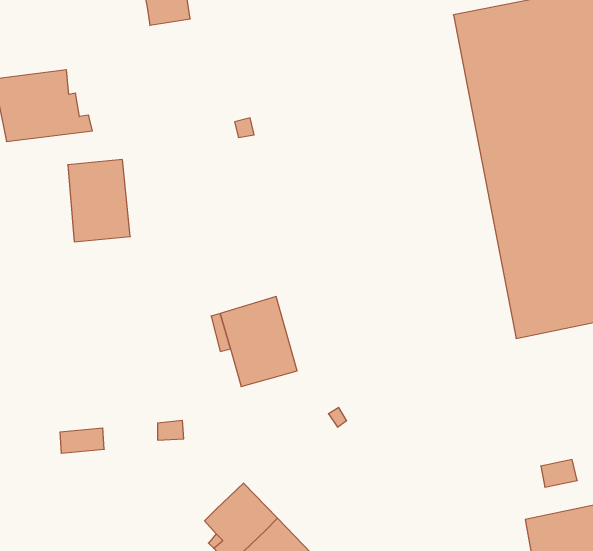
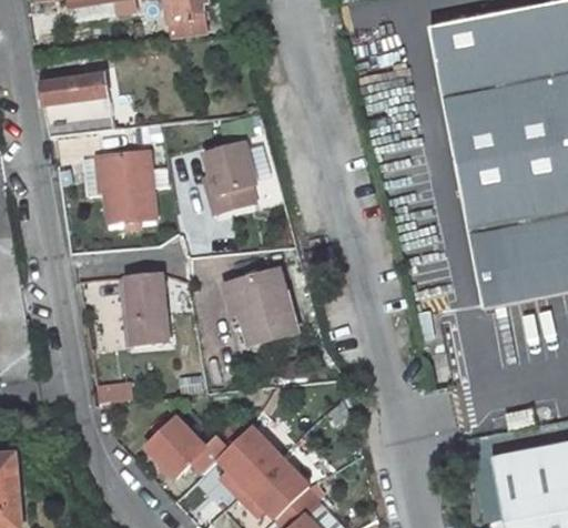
building: none -> [204,142,256,212]
building: none -> [125,272,169,345]
building: none -> [148,418,229,478]

